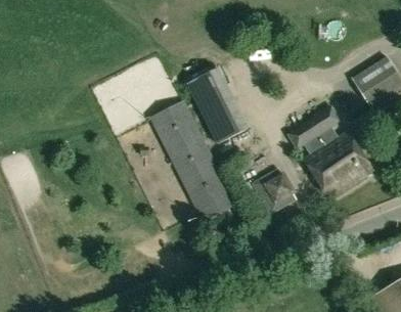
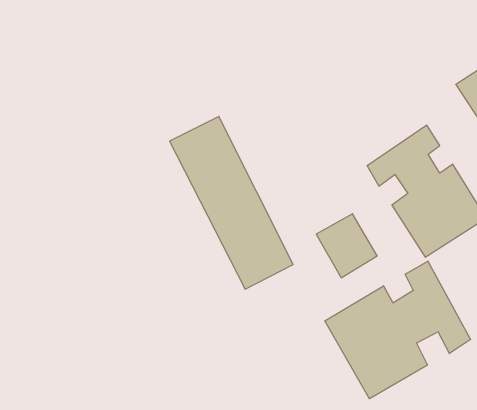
building: [186,69,249,144] -> none
building: none -> [325,261,471,399]

